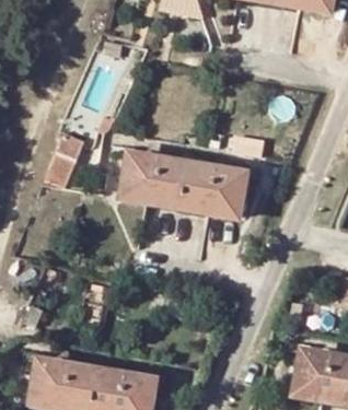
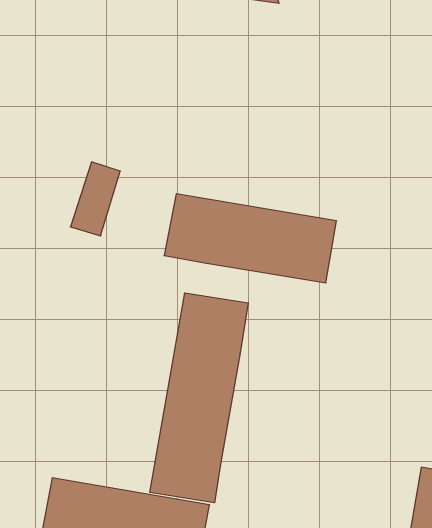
building: none -> [150,293,248,503]

